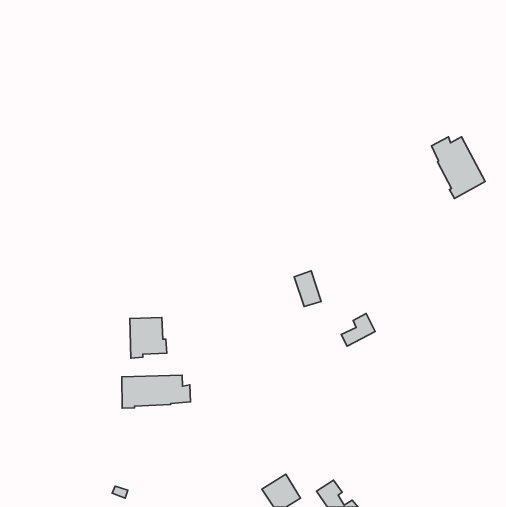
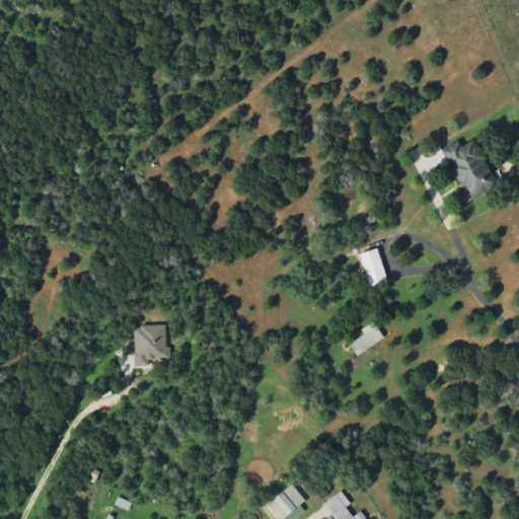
building: [294,271,321,307] -> [360,247,387,284]
building: [122,375,191,408] -> none

